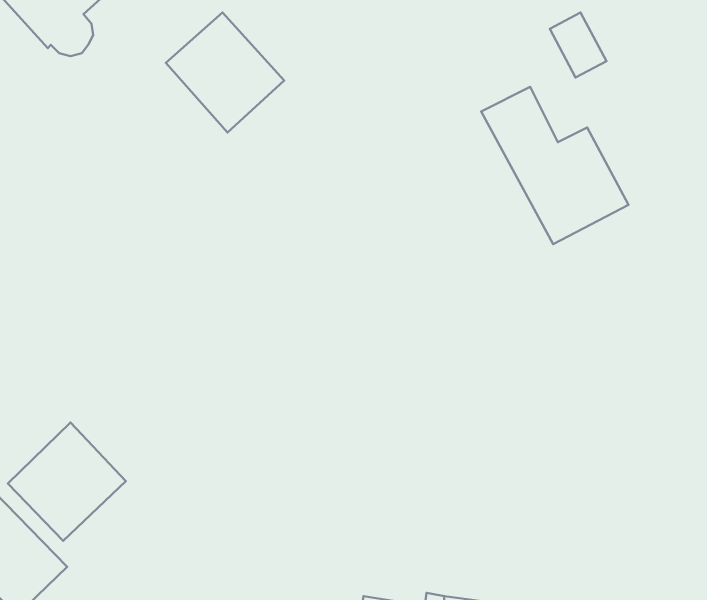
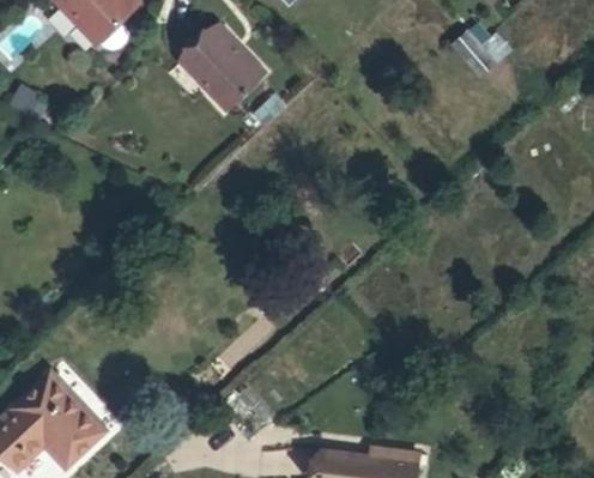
building: [481,87,628,244] -> none
building: [8,422,126,541] -> none

